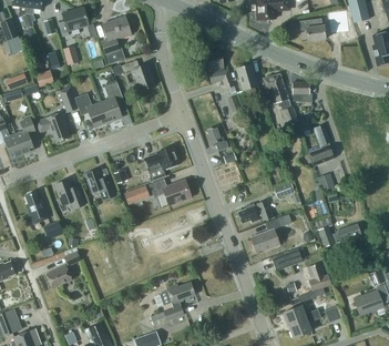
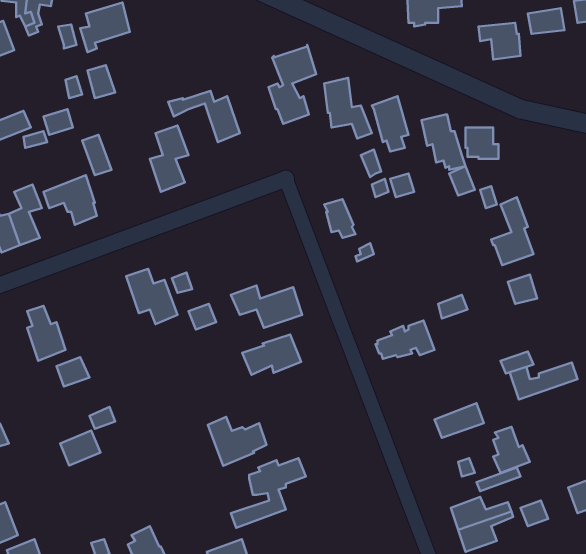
building: [100,16,129,63] -> [268,45,316,124]
building: [74,92,106,126] -> none
building: [144,145,180,170] -> [242,334,301,375]
building: [54,177,85,207] -> none
building: [249,214,289,253] -> none
building: none -> [208,417,267,466]

